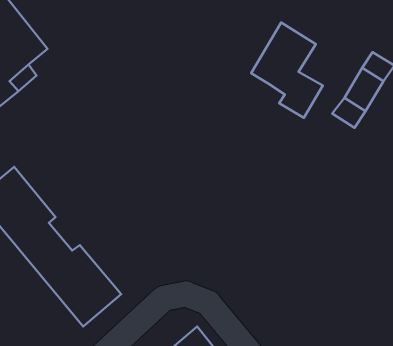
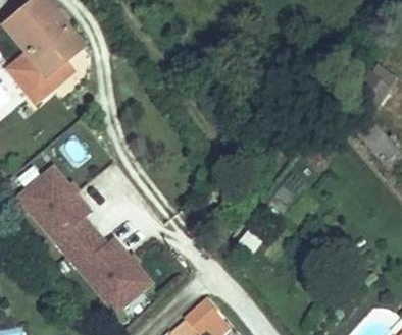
building: [251,23,323,118] -> none

